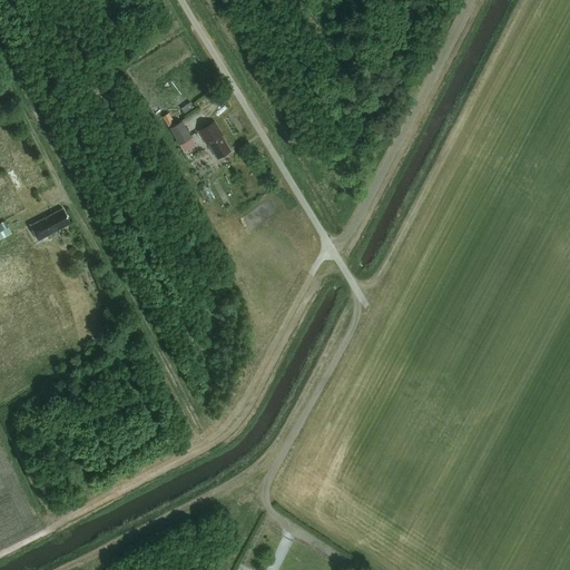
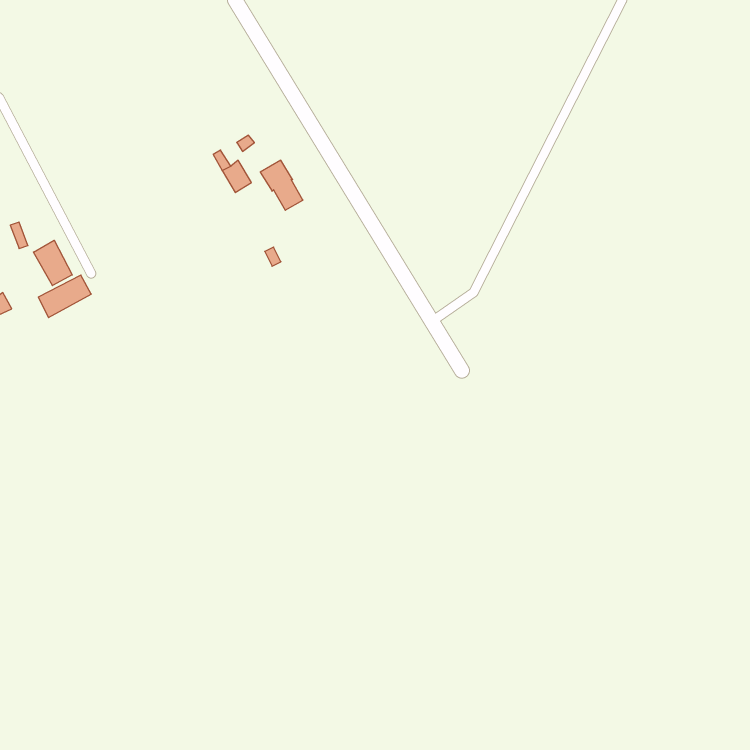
building: none -> [33,240,72,286]

